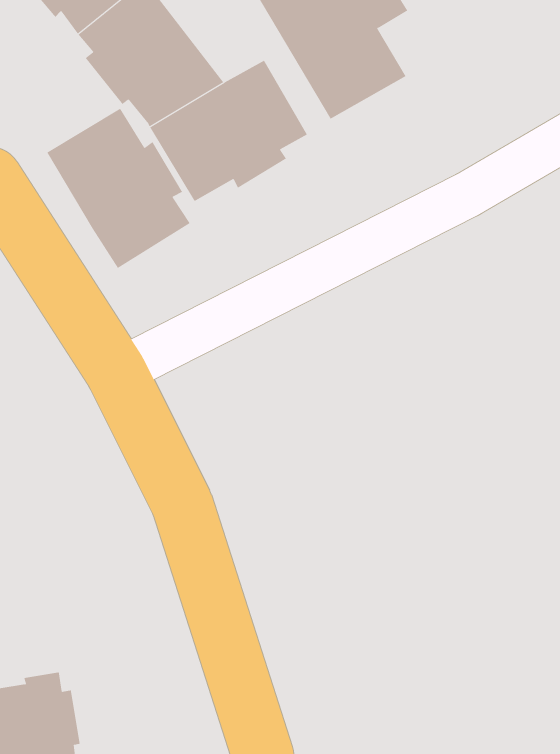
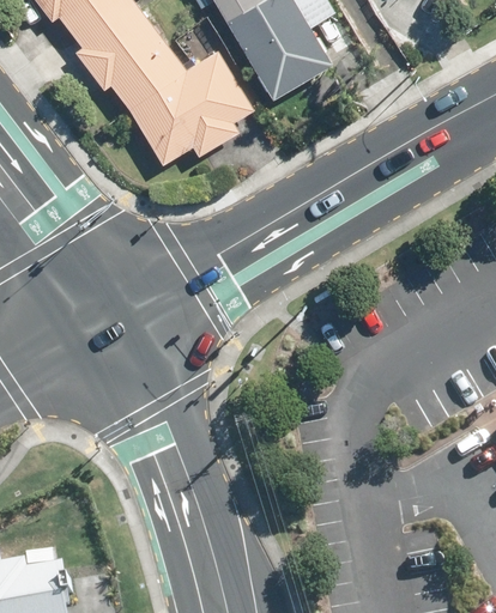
building: [46,108,190,269] -> none

